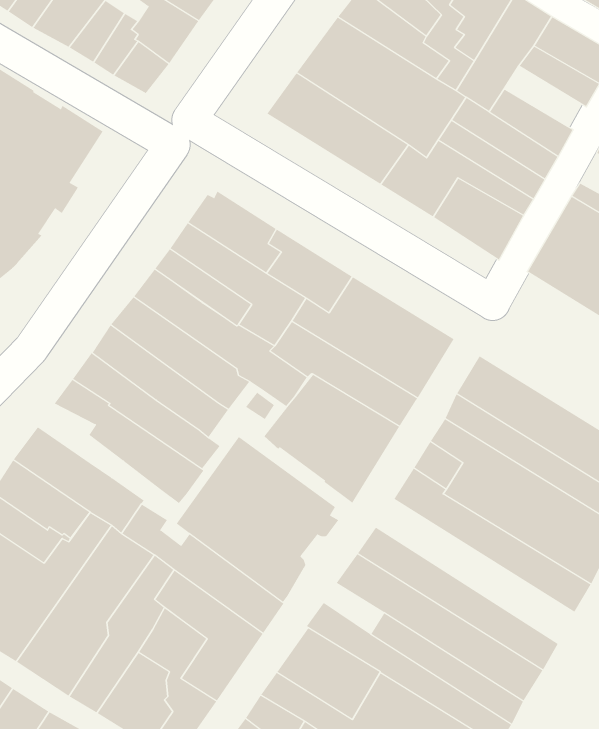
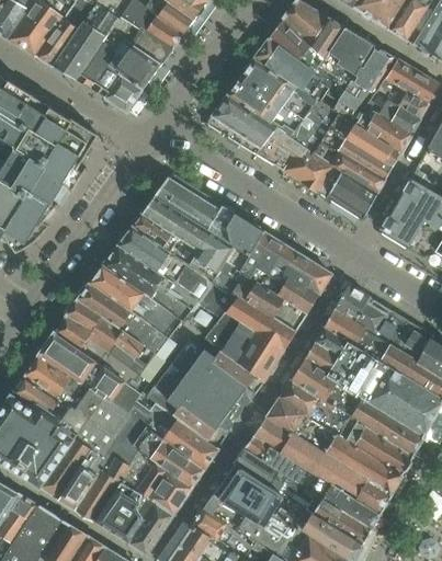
building: none -> [365,91,420,134]
building: none -> [55,316,112,365]
building: none -> [280,379,412,476]

